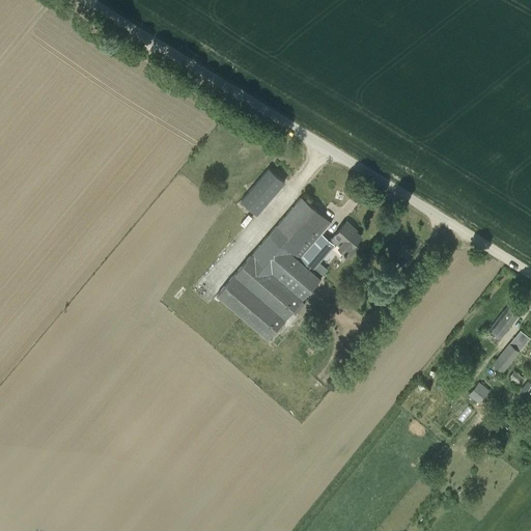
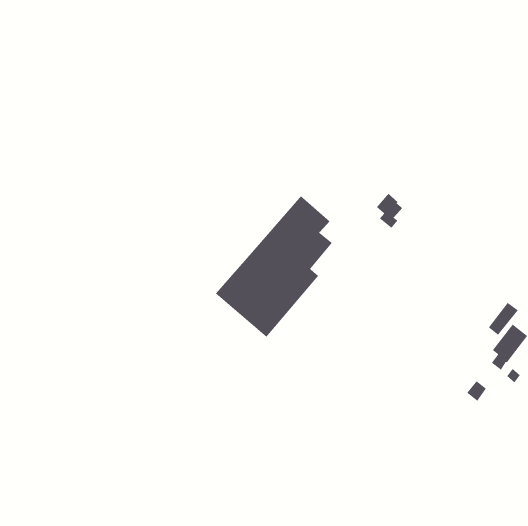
building: [241,169,285,216] -> none
building: [334,222,361,258] -> [376,193,403,229]

